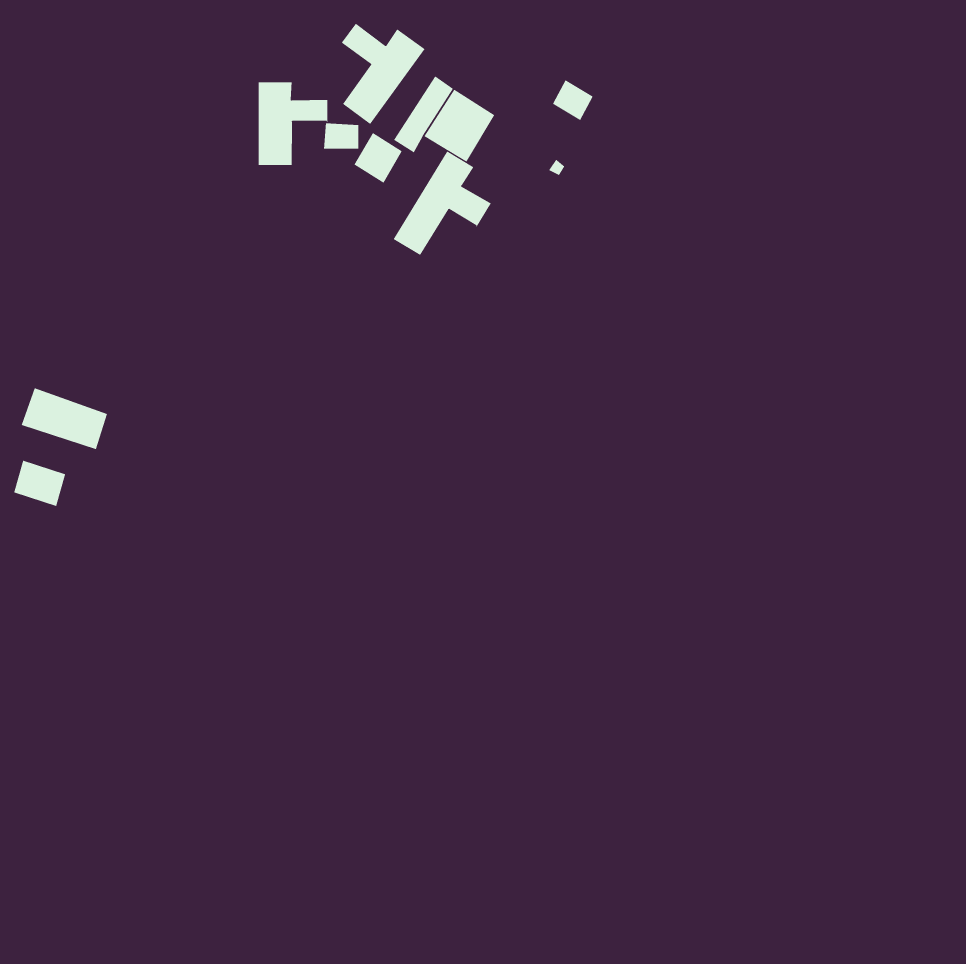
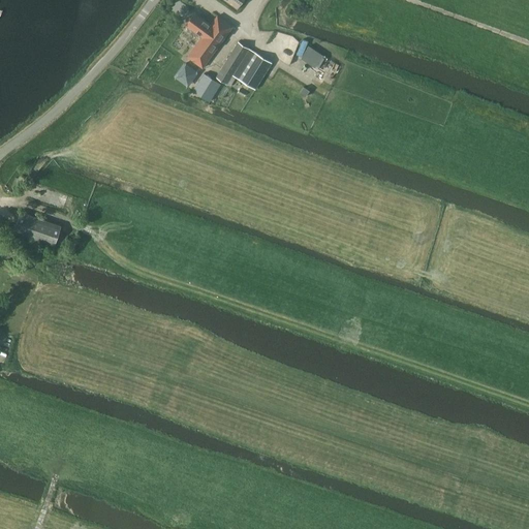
building: [258,81,328,166] -> none
building: [393,151,491,256] -> none
building: [13,460,66,507] -> none

